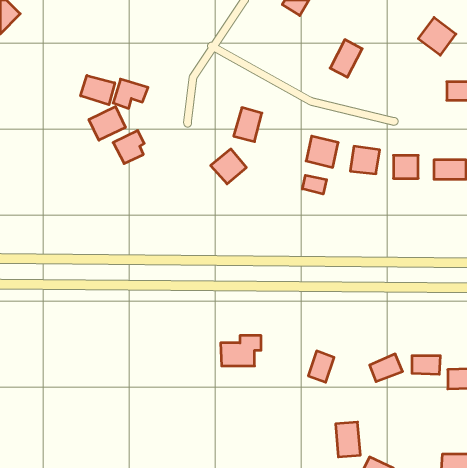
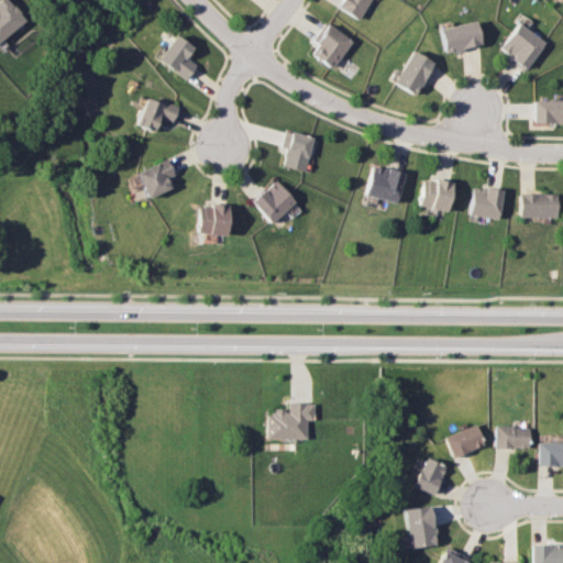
building: none -> [444,20,486,53]
building: none -> [313,25,355,68]
building: none -> [161,34,199,80]
building: [81,75,115,105] -> none
building: [89,107,125,140] -> none
building: none -> [201,205,231,234]
building: [302,175,327,194] -> none
building: [308,351,334,382] -> [415,459,445,496]

